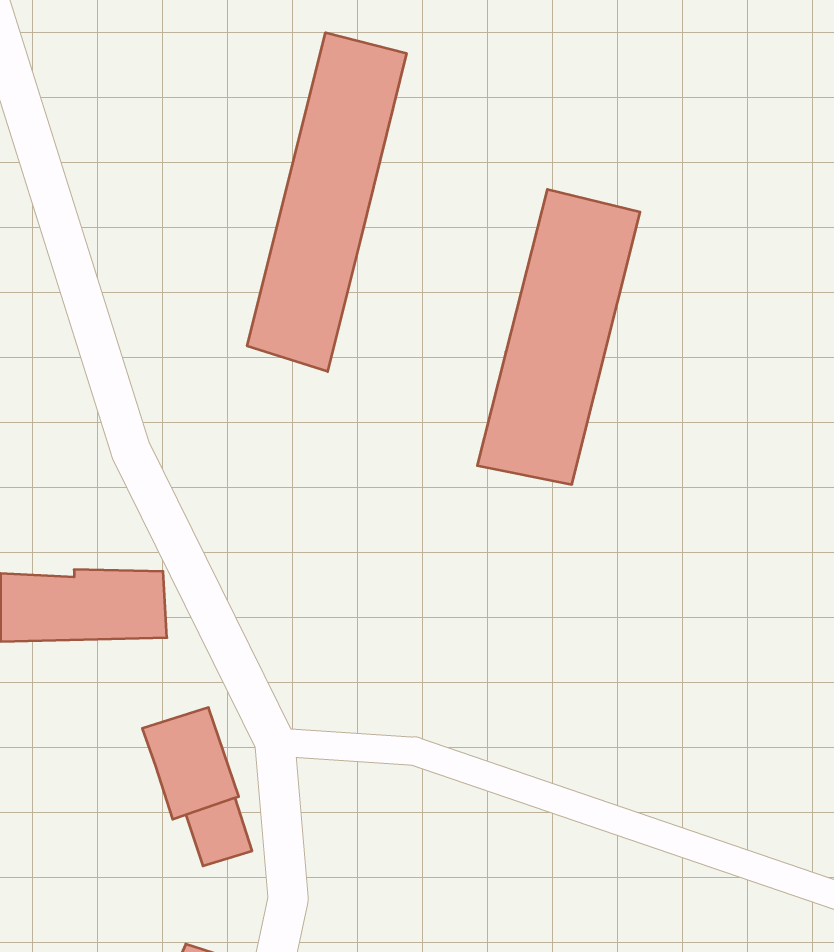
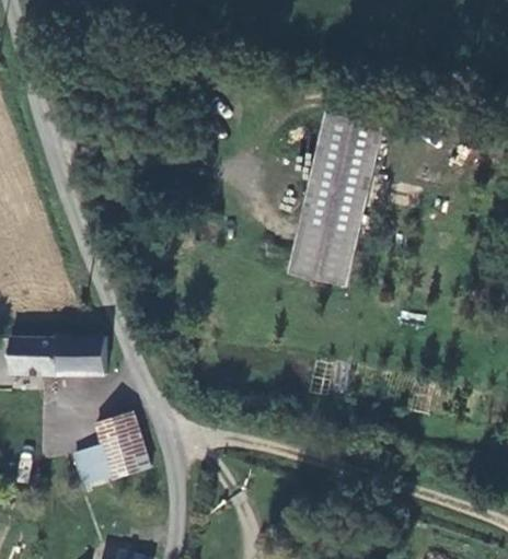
building: [247,33,406,372] -> none
building: [186,798,252,866] -> [73,446,112,486]

